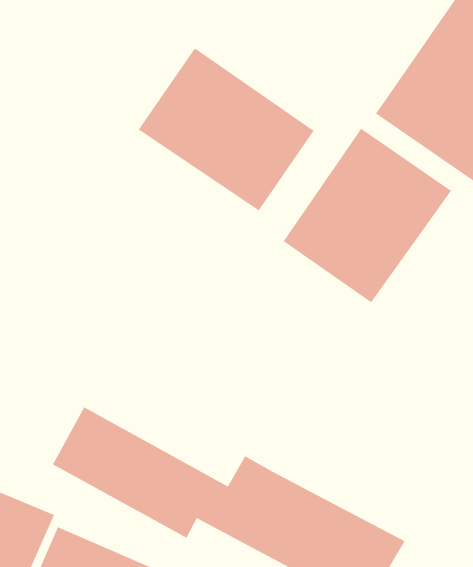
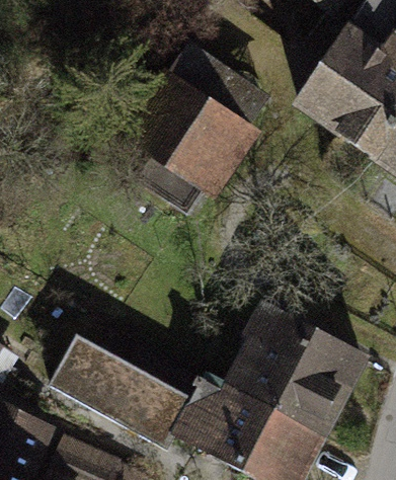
building: [283,128,452,303] -> none
building: none -> [224,311,367,442]

